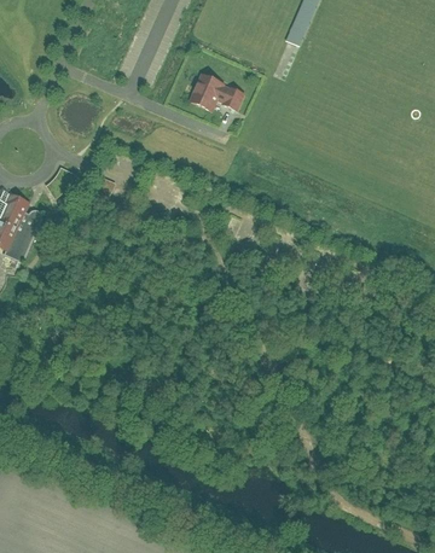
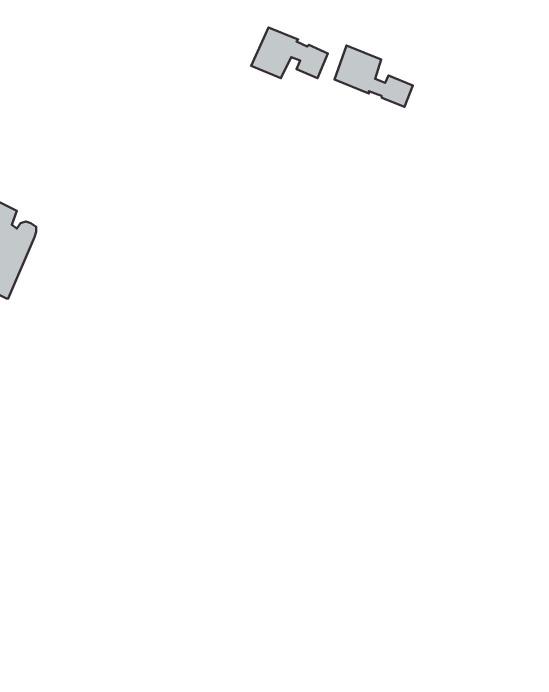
building: none -> [335,45,413,107]

